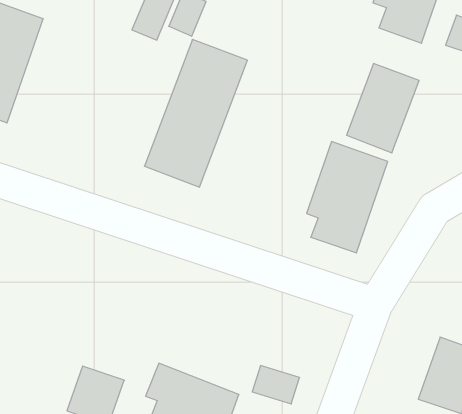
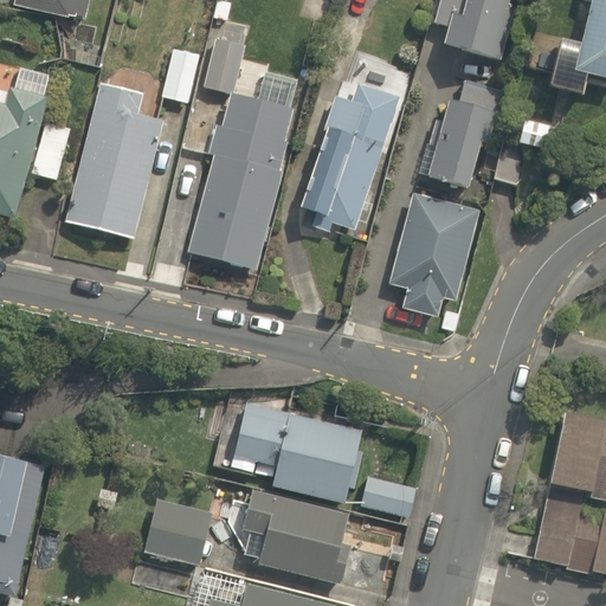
building: none -> [63,80,165,245]
building: none -> [305,82,404,230]
building: none -> [225,398,356,498]

